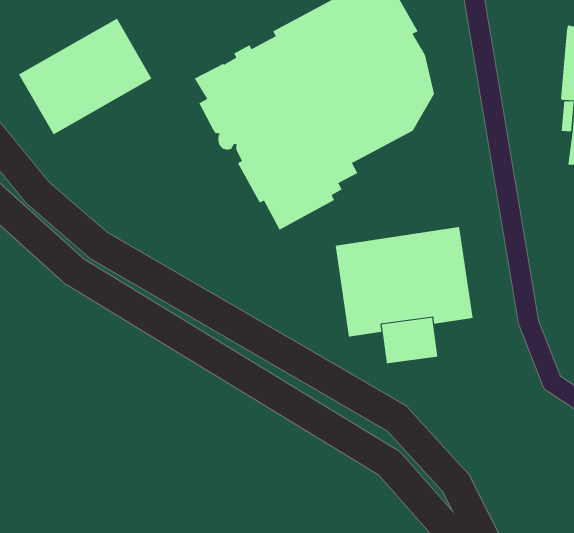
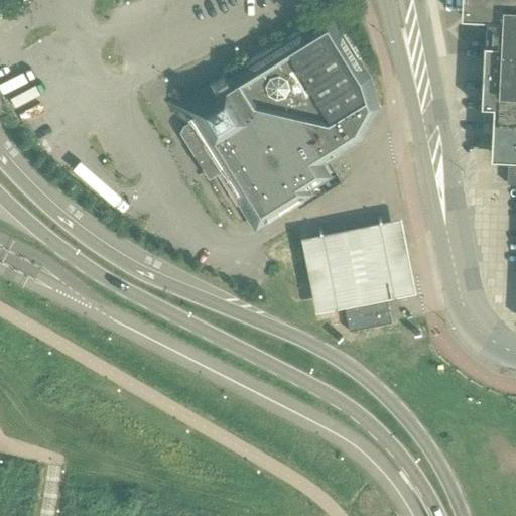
building: [18,18,152,135] -> none

